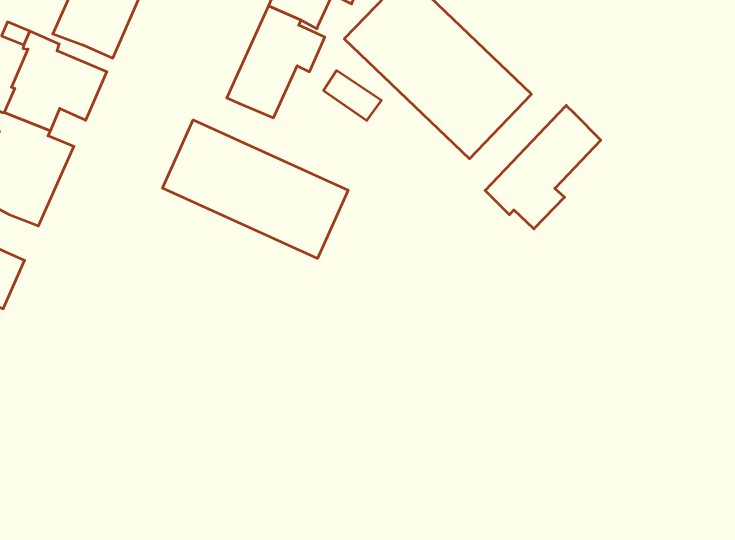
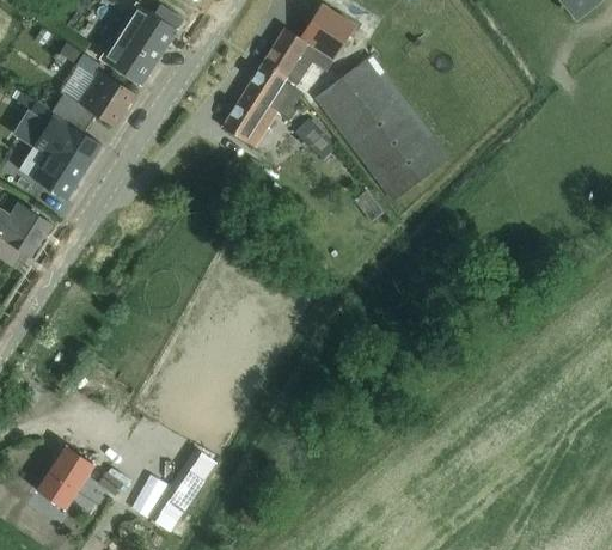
building: [485,105,601,229] -> none
building: [163,120,348,258] -> none

